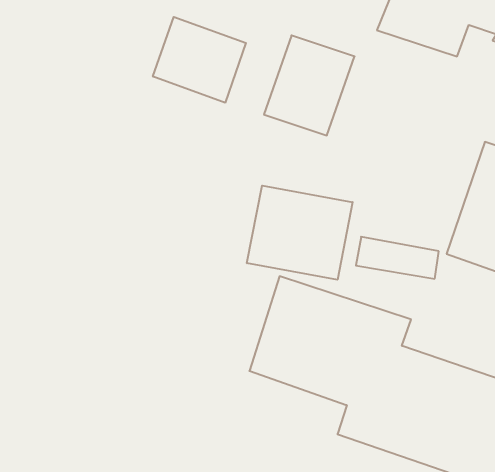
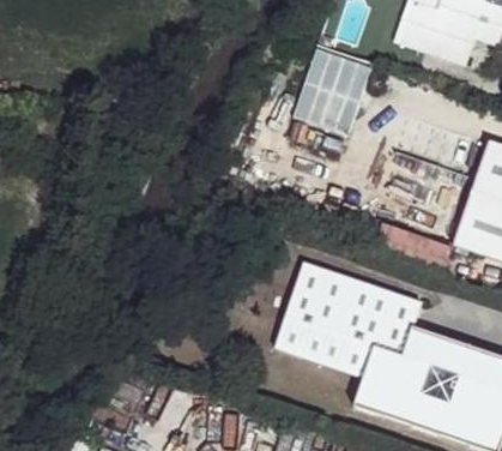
building: [153,17,246,103] -> none
building: [247,186,353,280] -> none

